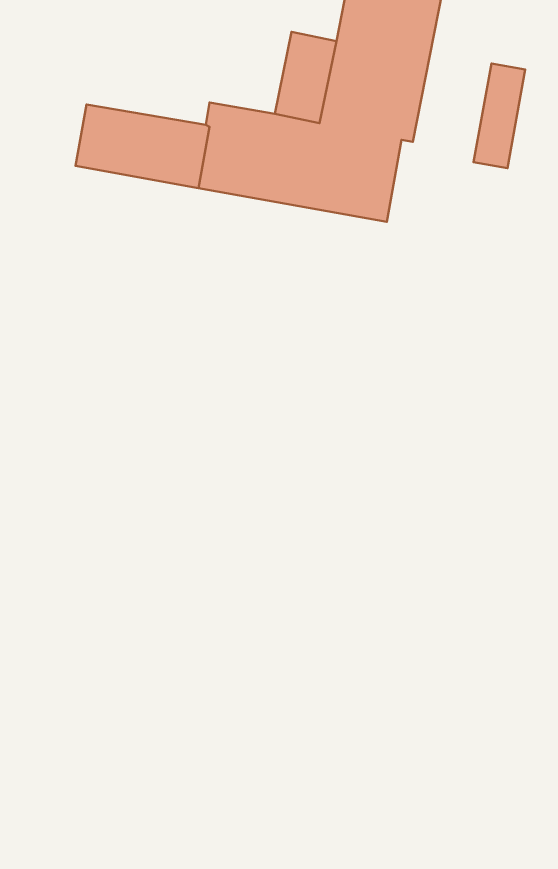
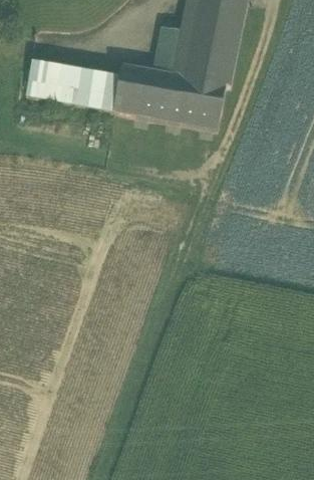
building: [474,64,525,168] -> none
building: none -> [26,60,53,97]

